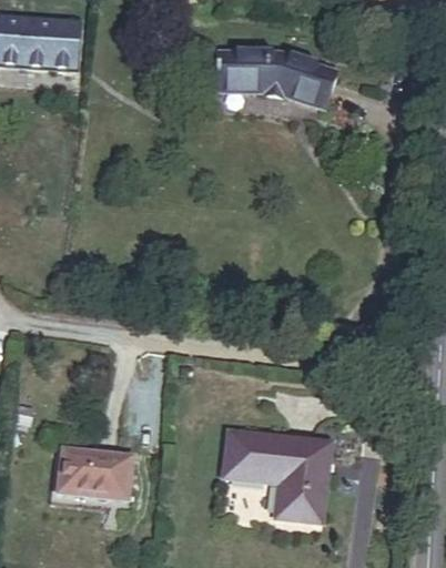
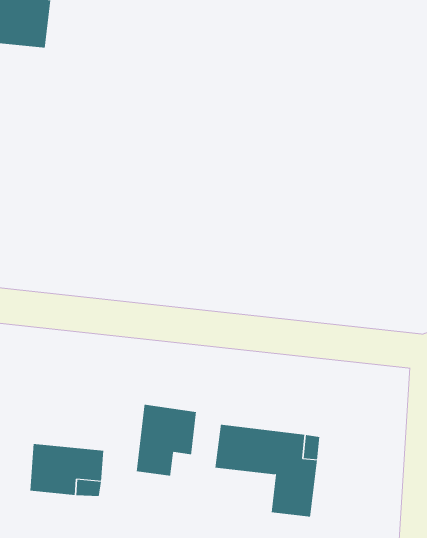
building: [229,55,342,103] -> none
building: none -> [136,404,197,477]

